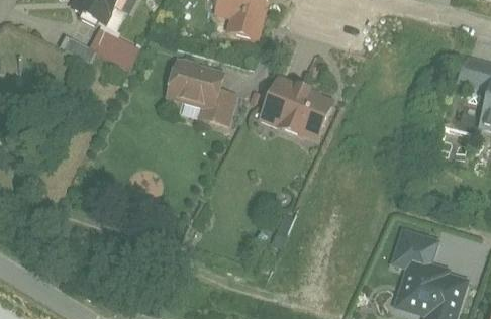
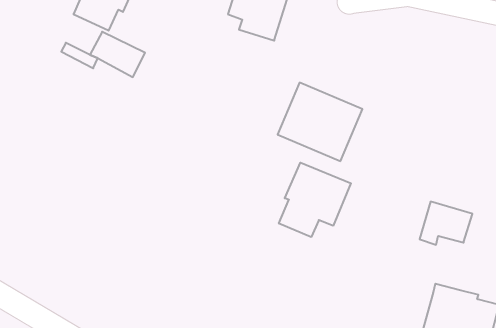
building: [169,63,243,129] -> none
building: none -> [279,163,351,237]
building: [390,230,438,270] -> [420,202,472,245]

